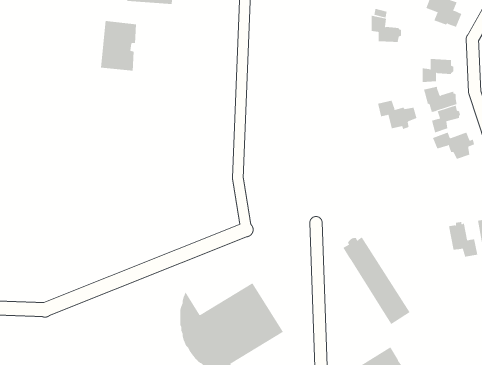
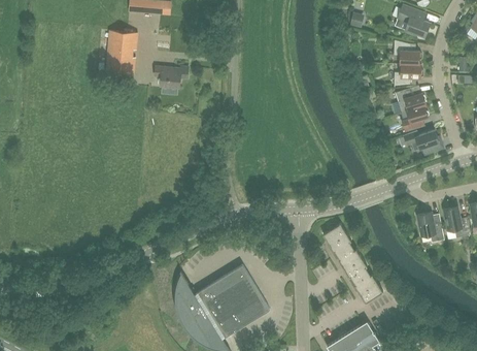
building: [371,15,402,43] -> [394,39,421,64]
building: none -> [155,65,189,87]
building: [377,100,417,130] -> none

